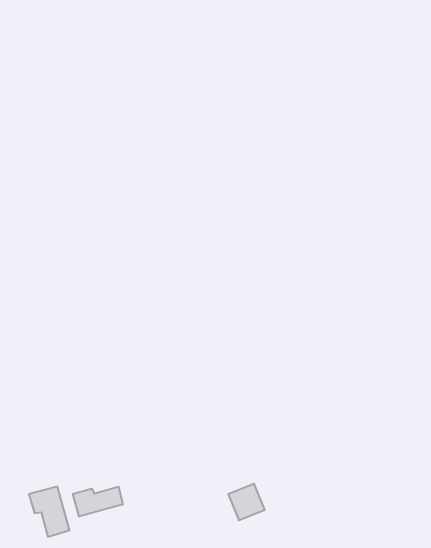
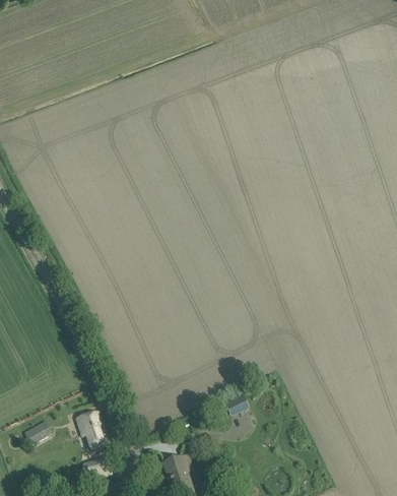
building: [73,487,123,517] -> none

